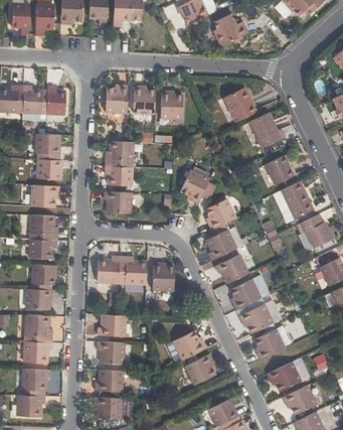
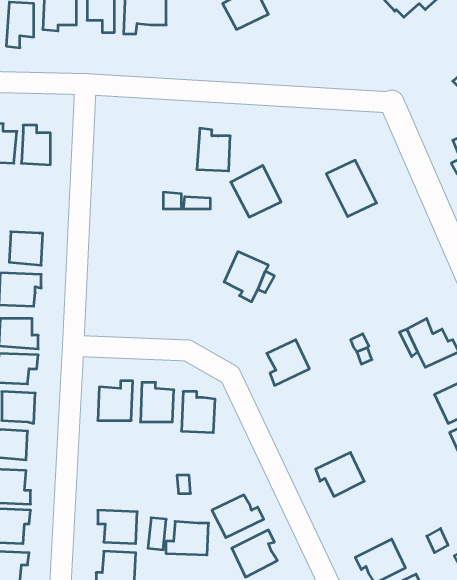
building: [213,13,248,45] -> none
building: [107,83,129,110] -> none
building: [134,84,156,112] -> none
building: [221,86,254,120] -> [231,165,281,217]
building: [37,132,59,158] -> none
building: [105,140,132,161] -> none
building: [264,153,293,183] -> none
building: [105,165,131,185] -> none
building: [280,179,312,217] -> none
building: [104,190,130,213] -> none
building: [206,198,235,230] -> none
building: [216,253,248,282] -> none
building: [231,278,262,309] -> none
building: [97,313,125,335] -> [166,521,209,555]
building: [254,328,286,360] -> none

